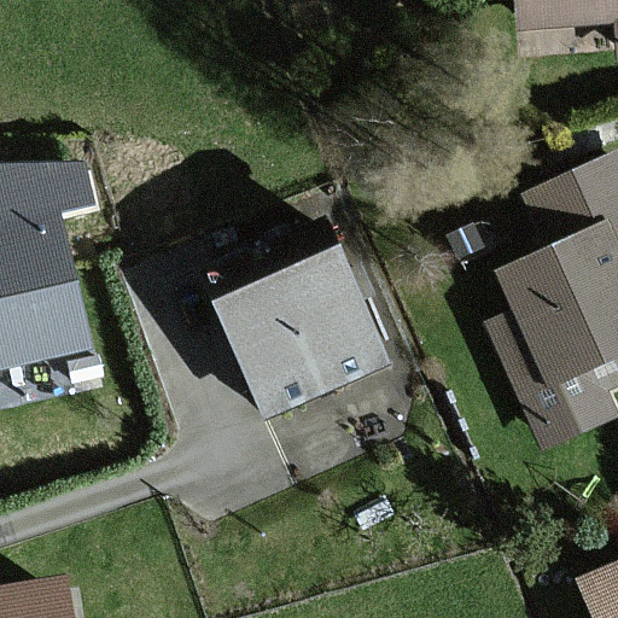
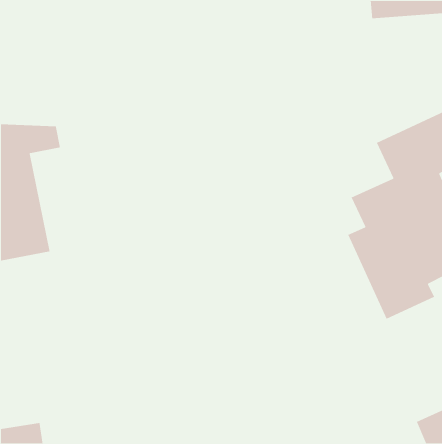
building: [227,253,387,406] -> none

